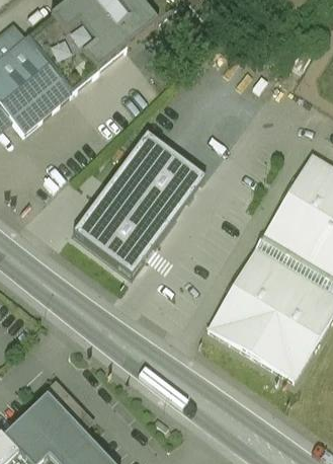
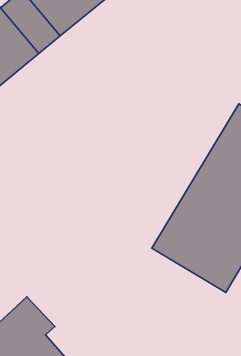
building: [75,134,205,276] -> none

